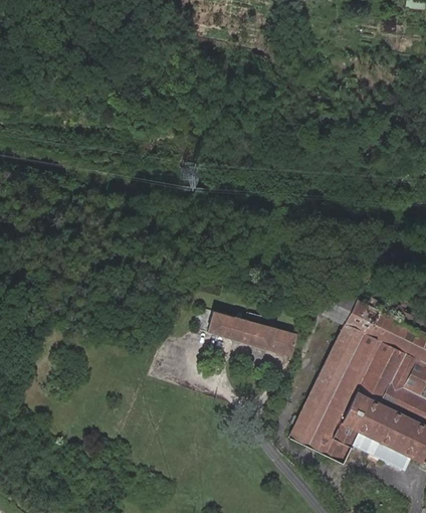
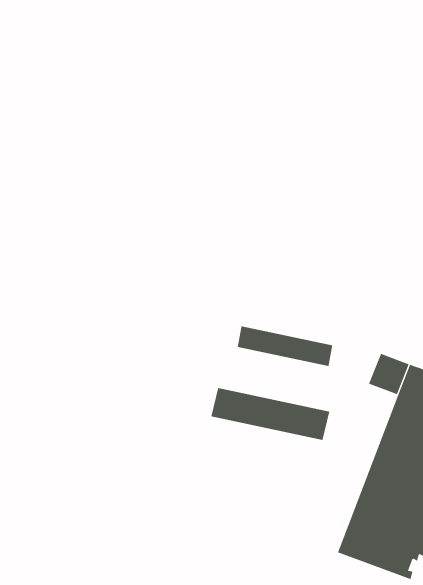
building: none -> [237,325,333,367]

